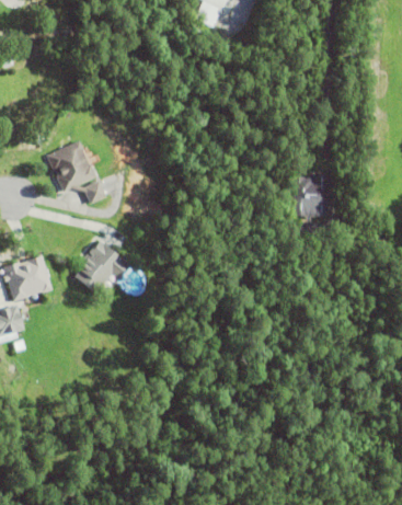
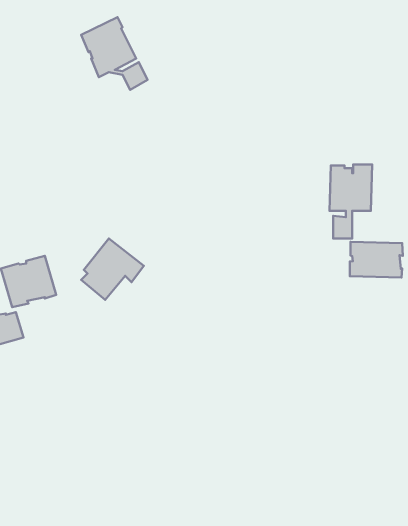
building: [48,140,106,204] -> [81,17,148,90]
building: none -> [350,242,403,278]

